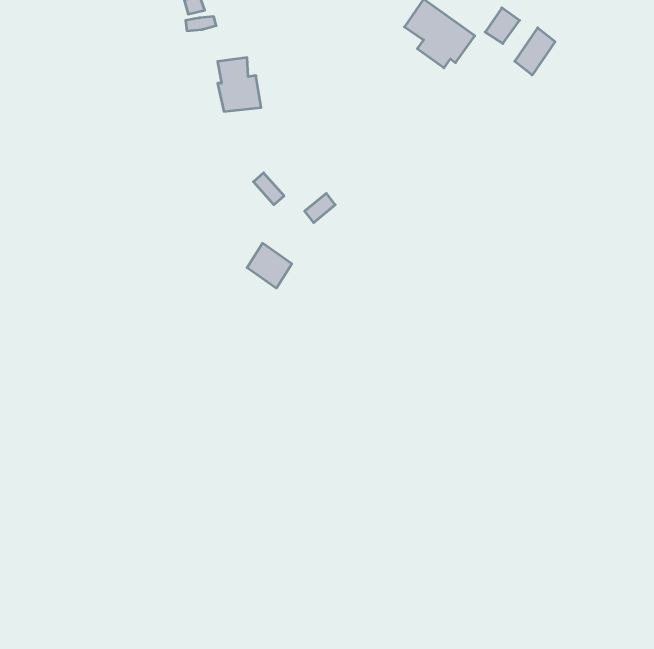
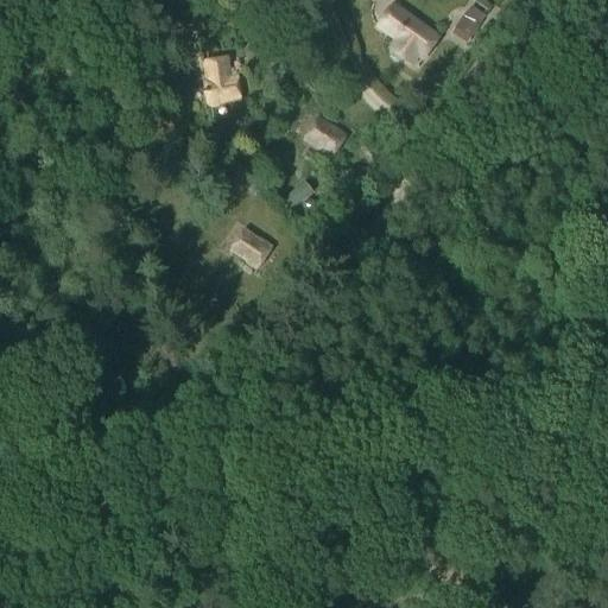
building: [515,28,555,75] -> none
building: none -> [304,115,348,154]

